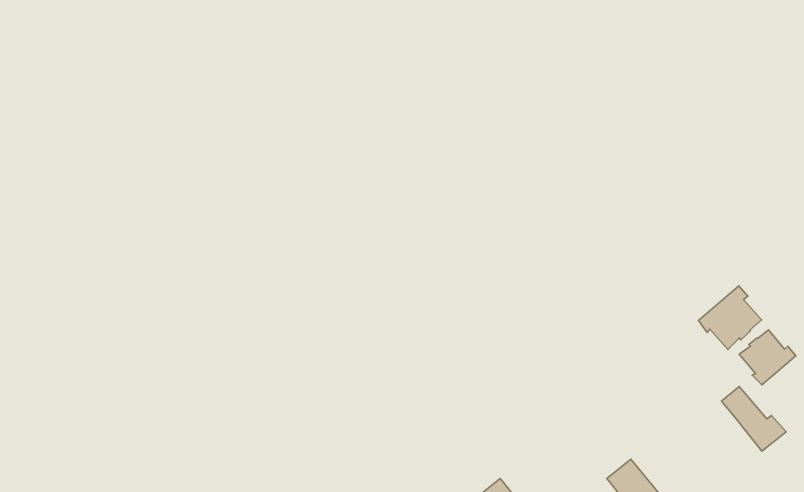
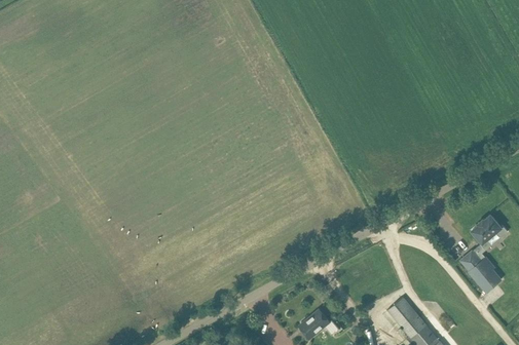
building: [698,286,761,350] -> none

